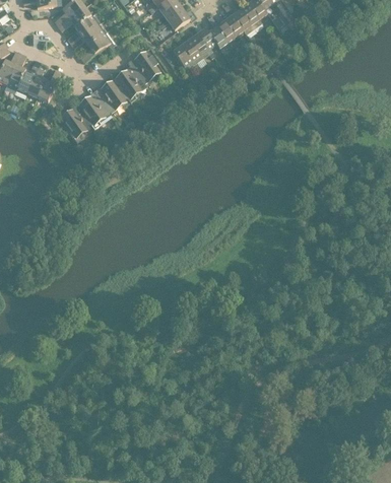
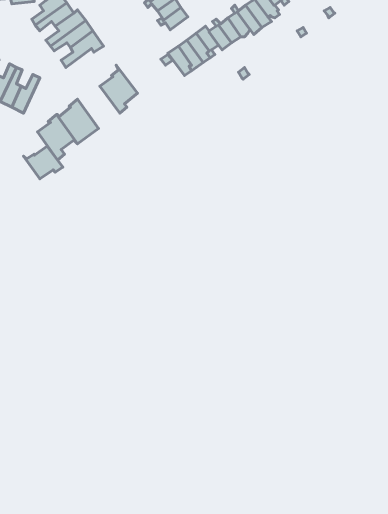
building: [126,48,162,83] -> none
building: [92,77,129,110] -> none
building: none -> [24,146,63,179]

